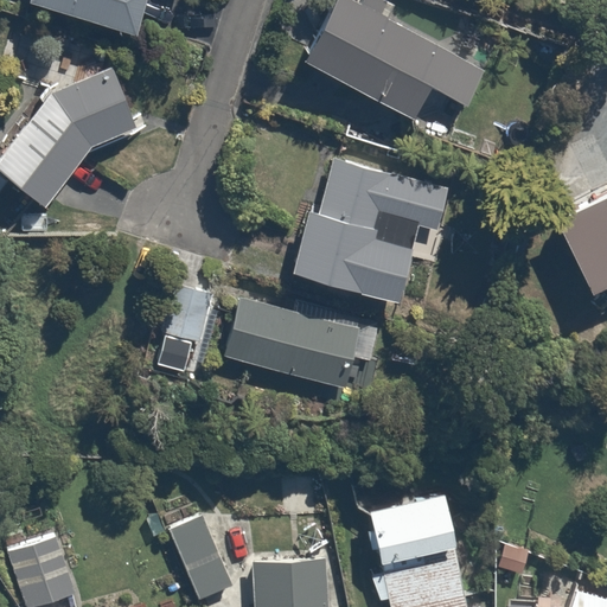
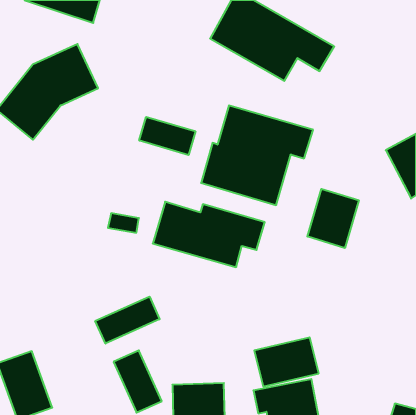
building: none -> [139,117,195,155]
building: none -> [307,189,359,248]
building: none -> [95,297,160,344]

